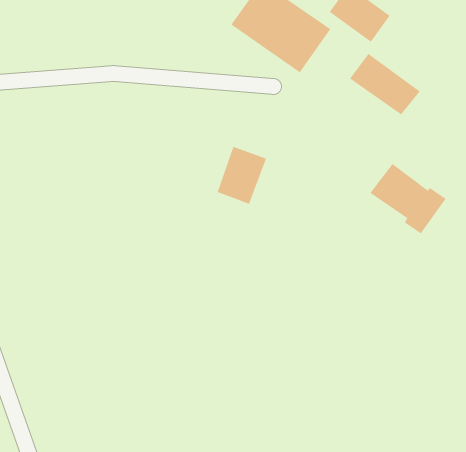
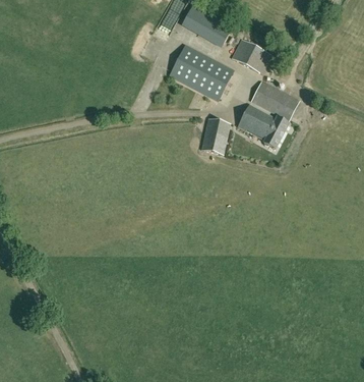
building: [217,146,267,204] -> [200,117,230,154]
building: [369,163,446,234] -> [237,104,288,148]

